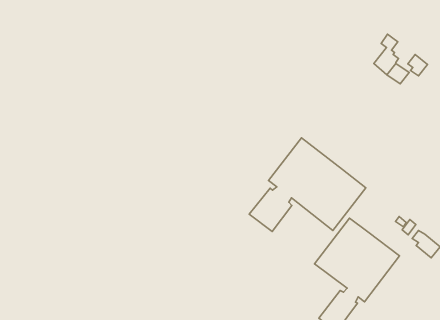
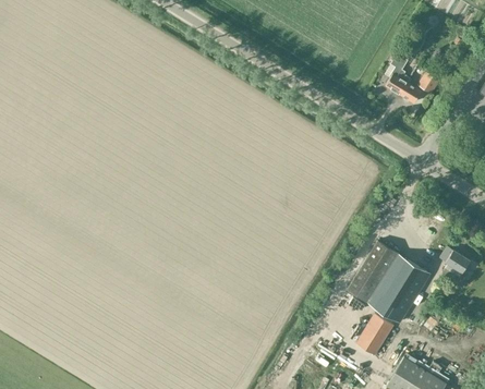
building: [249,138,366,232] -> none

